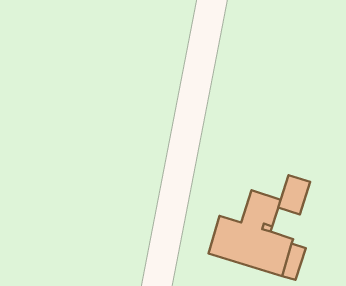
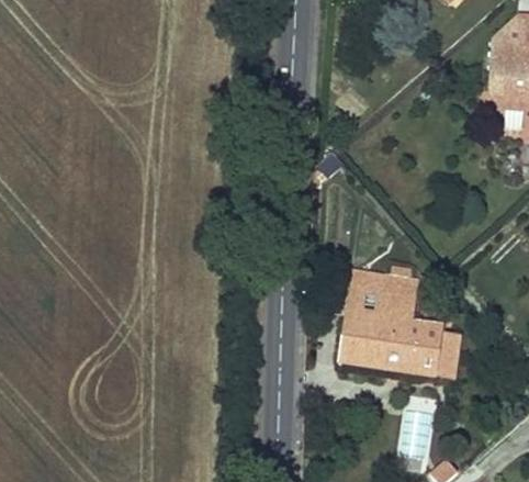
building: [278,175,310,214] -> [347,270,382,317]

